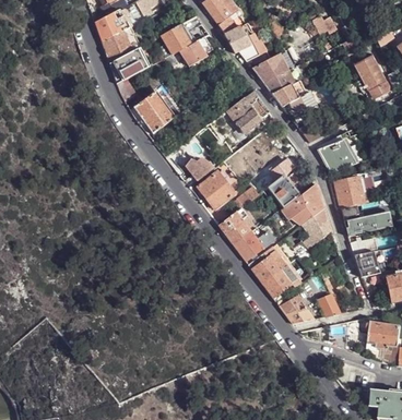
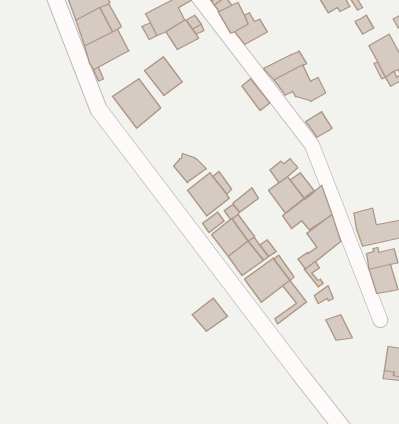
building: [252,51,294,83] -> none
building: none -> [145,57,182,96]
building: [226,98,261,133] -> none
building: [318,140,356,172] -> none
building: [334,177,375,207] -> none
building: [261,269,292,298] -> [192,298,228,331]
building: [279,295,314,324] -> none

